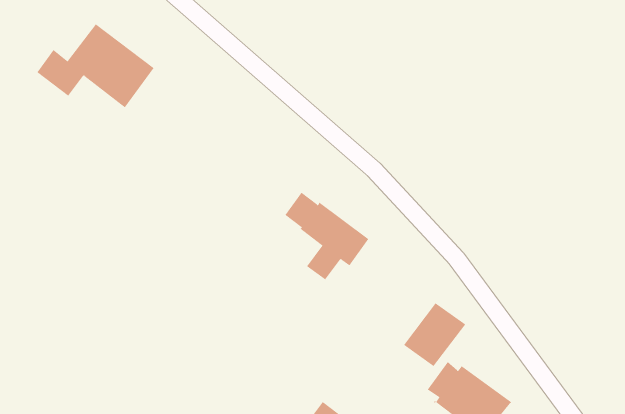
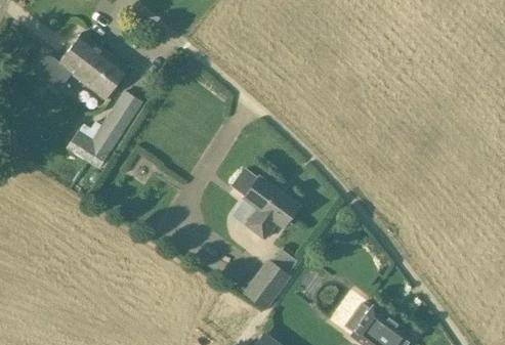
building: none -> [67,90,143,169]
building: [403,303,466,367] -> [243,258,293,309]

